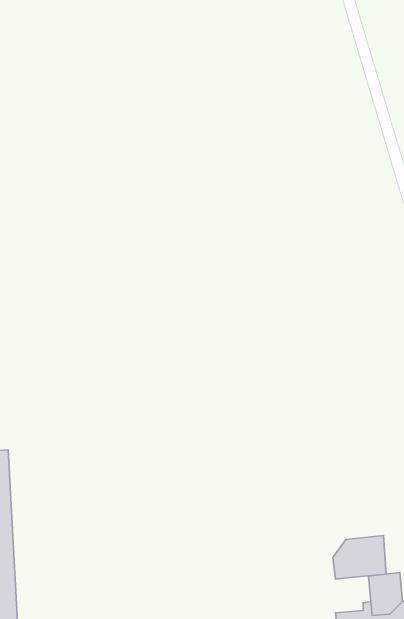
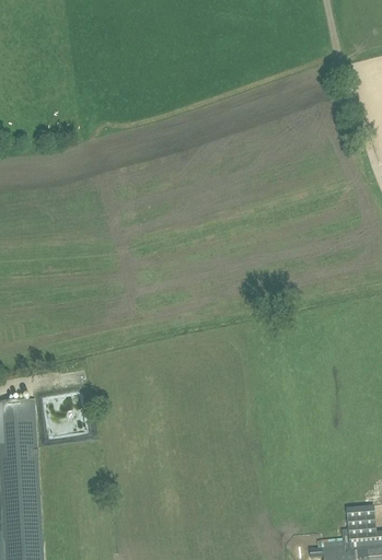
building: [333,536,386,579] -> none

